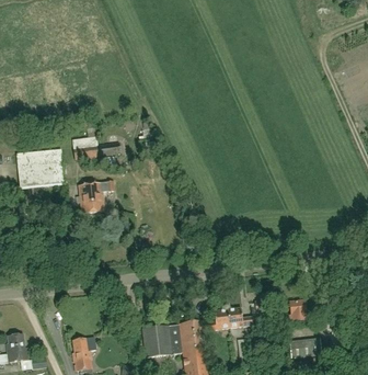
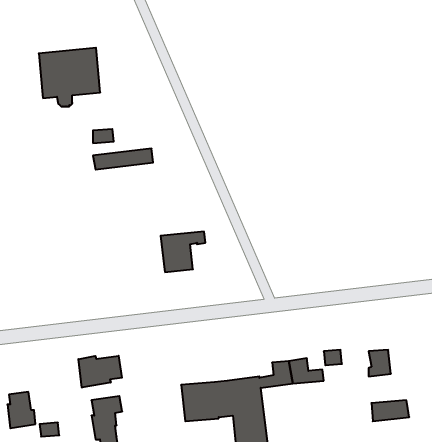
building: [16,149,65,195] -> [39,48,100,106]
building: [79,181,114,213] -> [161,232,205,272]
building: none -> [78,356,122,388]

